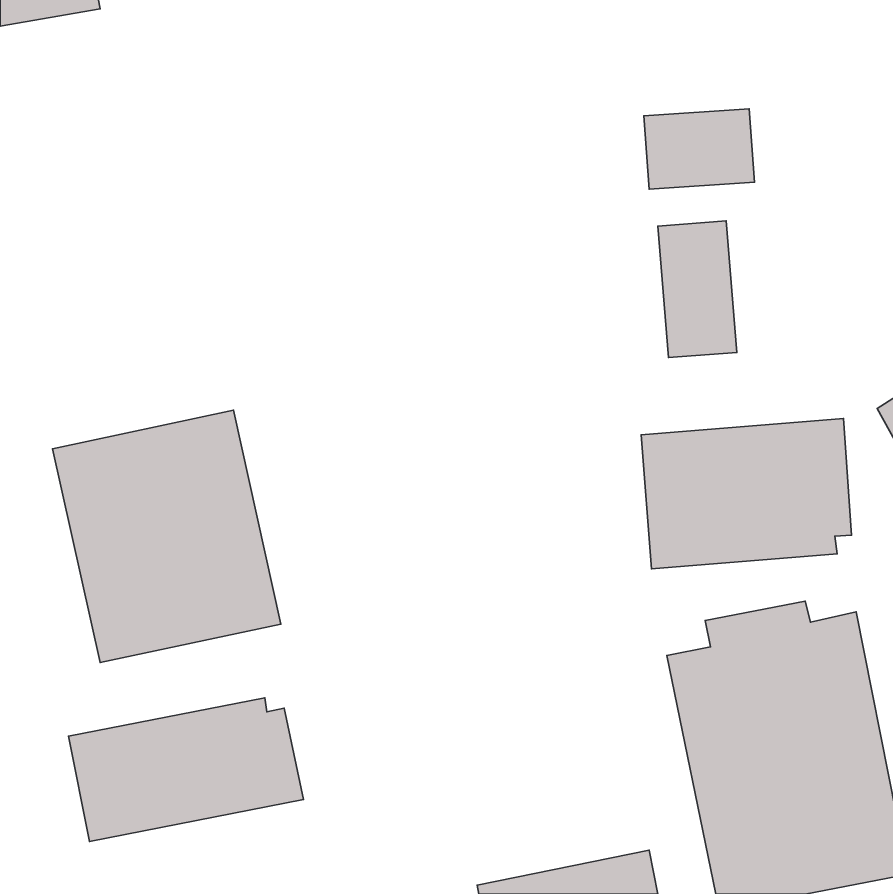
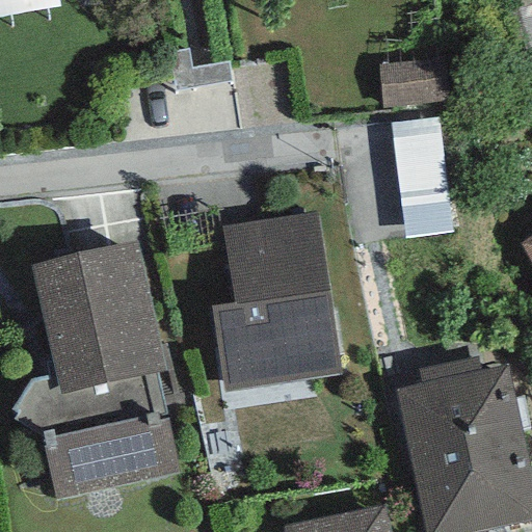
building: none -> [215,211,342,391]
building: [641,419,851,569] -> none

